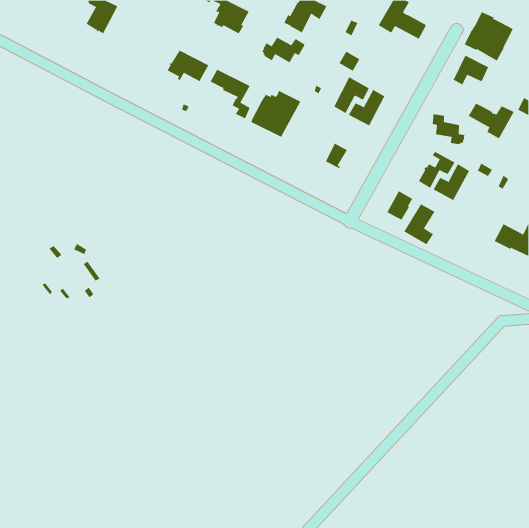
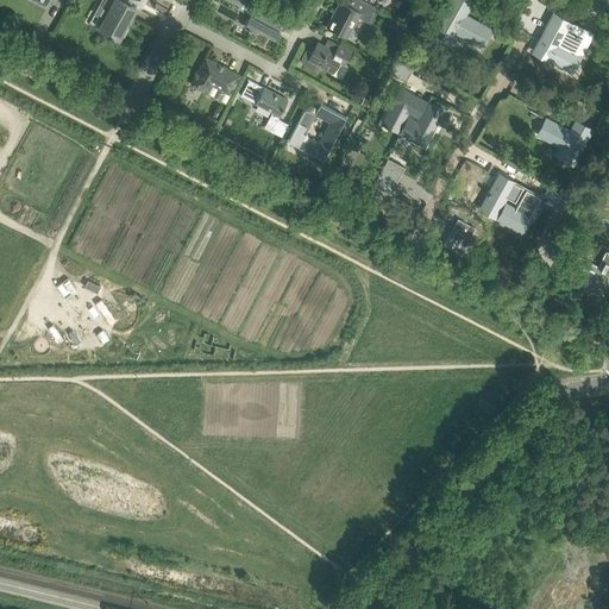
building: [453,55,489,85] -> none
building: [432,113,465,145] -> none
building: [403,204,435,245] -> none

